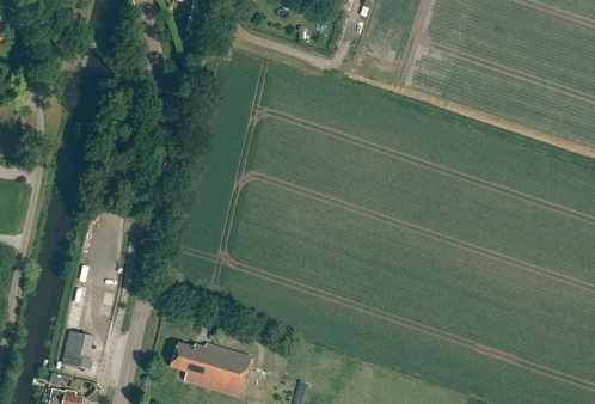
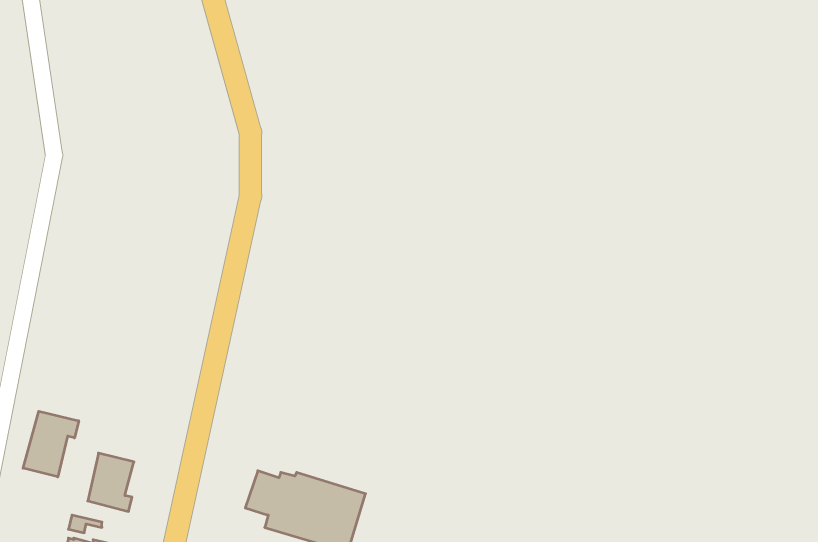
building: none -> [23,411,79,477]

